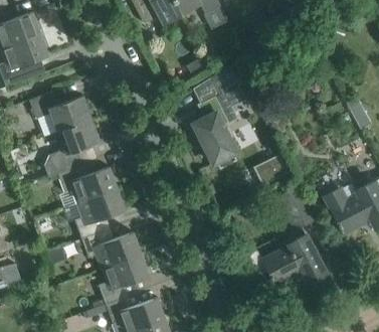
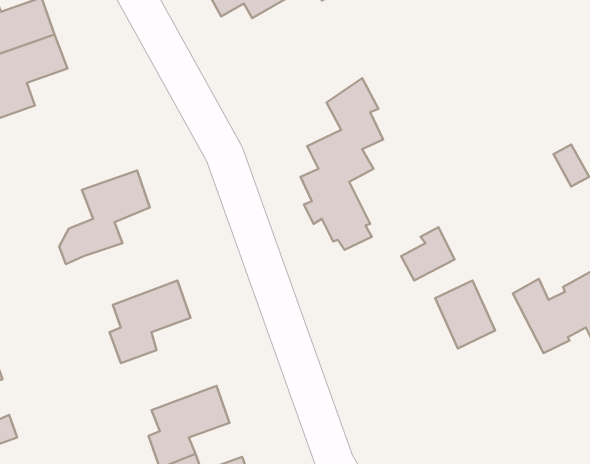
building: [29,91,92,132] -> none
building: [59,166,118,203] -> none
building: [82,231,142,269] -> none
building: [264,235,327,285] -> none

